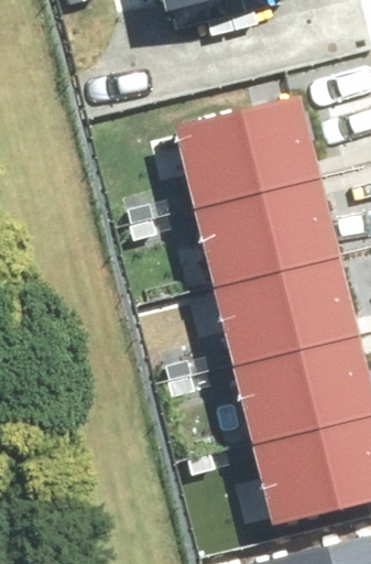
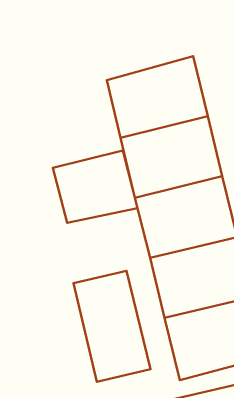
building: none -> [53,150,138,223]
building: none -> [73,271,151,382]

